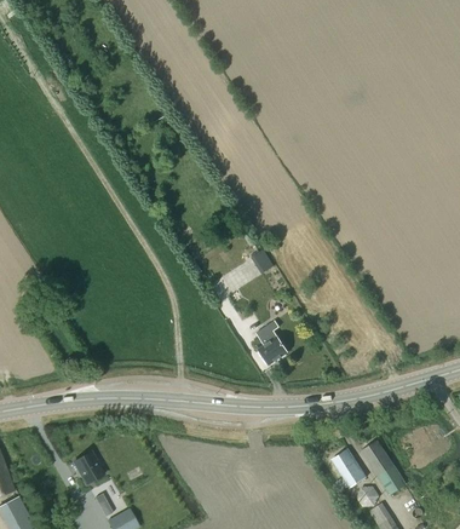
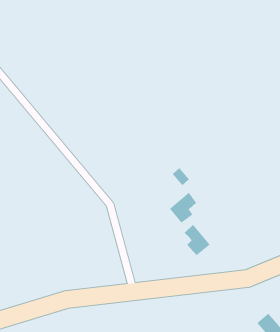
building: none -> [169,192,197,223]

